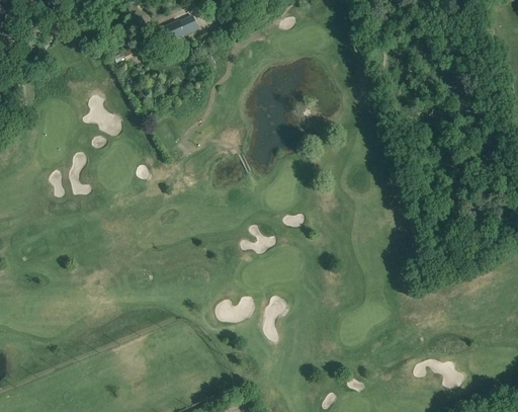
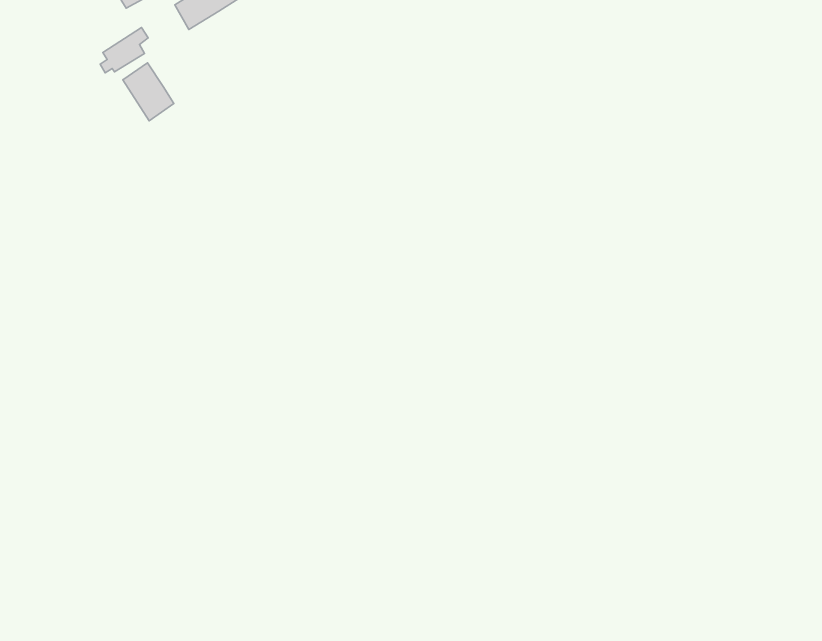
building: none -> [123,63,174,121]

